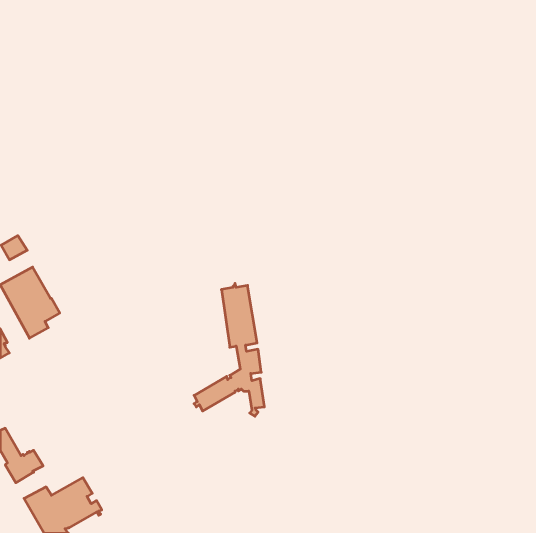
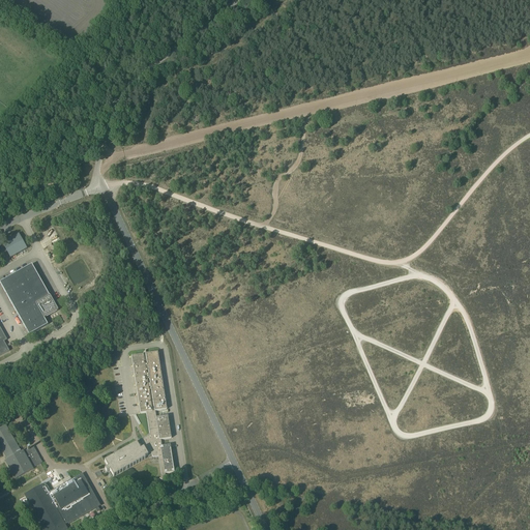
building: [194,283,264,416] -> [105,349,174,480]

